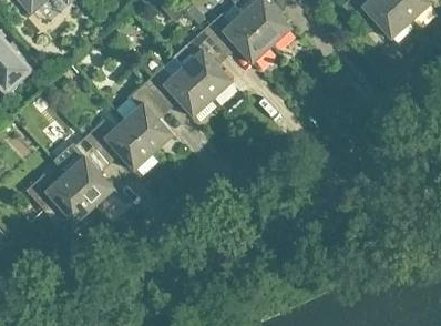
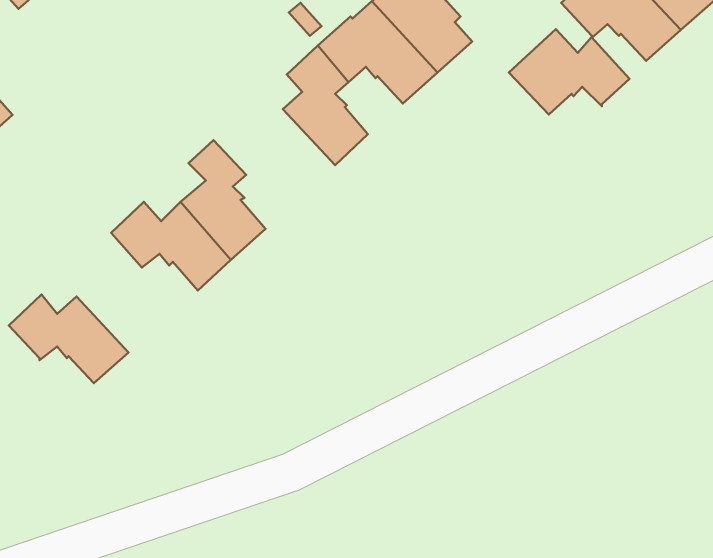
building: none -> [509,29,630,115]
building: [142,57,212,116] -> none
building: [63,137,113,206] -> none

